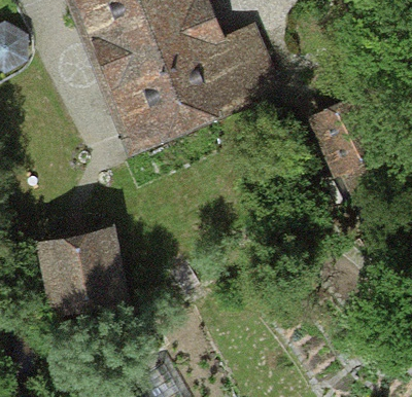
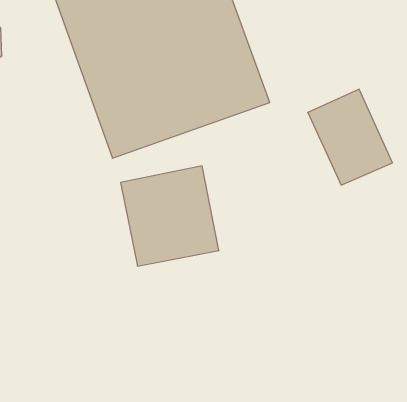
building: [35,215,126,308] -> [121,166,219,266]

